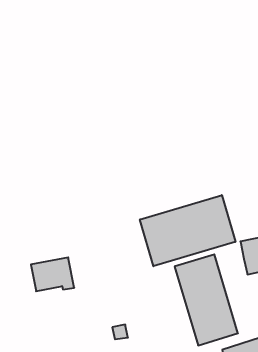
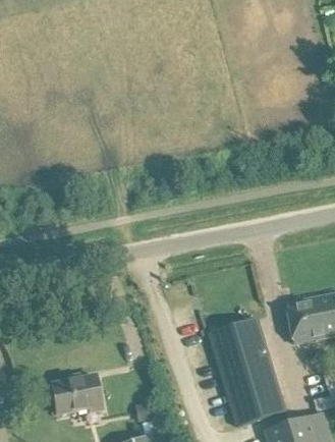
building: [140,195,235,266] -> none
building: [31,257,74,291] -> [52,376,103,416]

